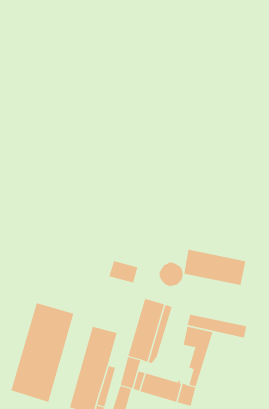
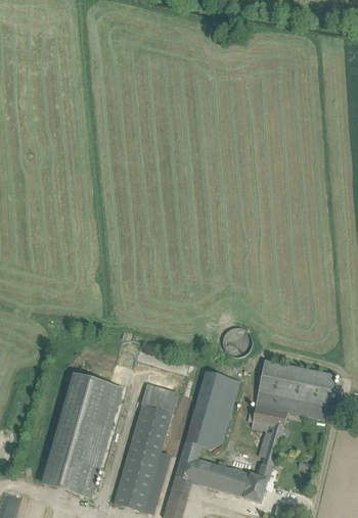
building: [184,249,246,286] -> [259,361,334,405]
building: [109,260,138,283] -> [141,385,177,413]

